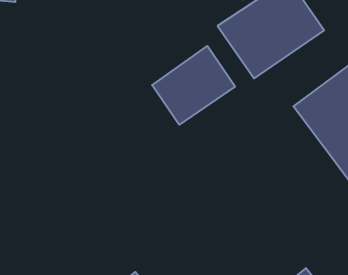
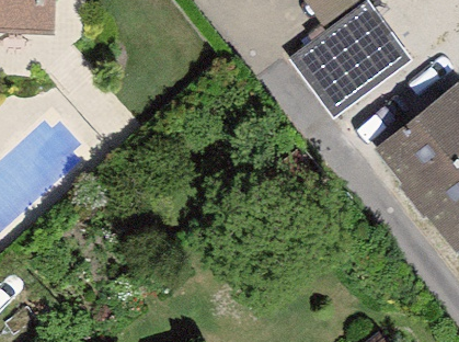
building: [152,46,235,125] -> none

